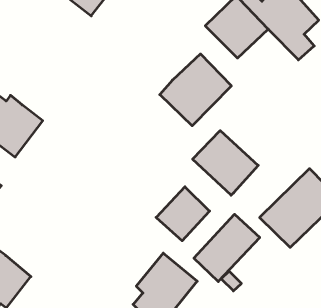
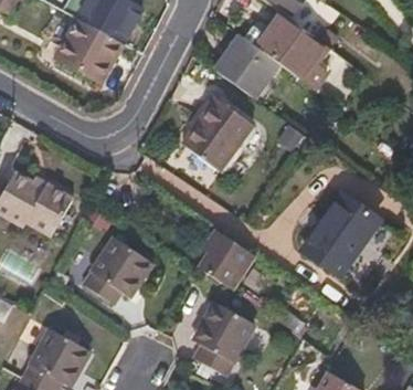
building: [193,131,258,195] -> none
building: none -> [82,235,149,301]
building: [194,214,260,282] -> none

